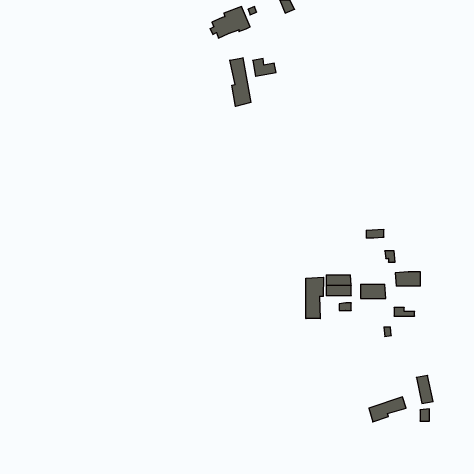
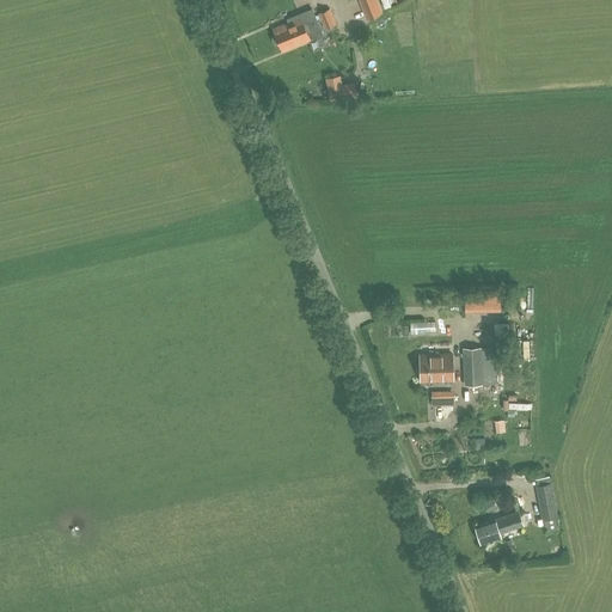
building: [230,58,251,106] -> none
building: [395,272,420,286] -> [463,349,495,367]
building: [306,277,324,319] -> none

